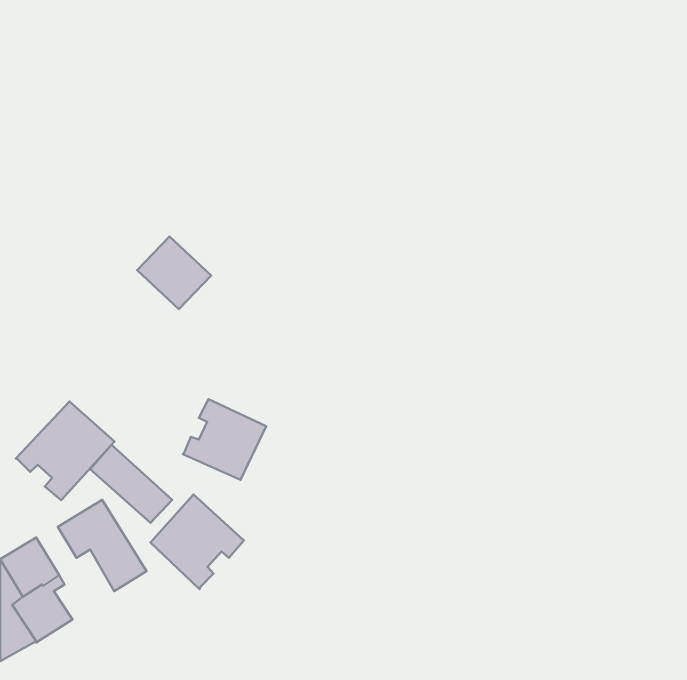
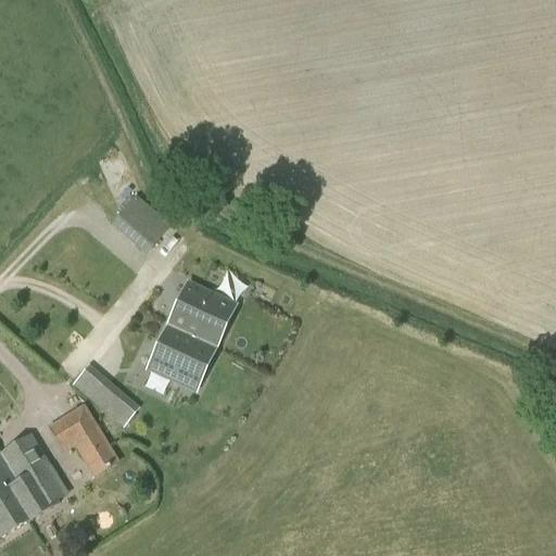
building: none -> [168,281,235,344]
building: [16,401,115,500] -> none
building: [150,495,244,589] -> none

